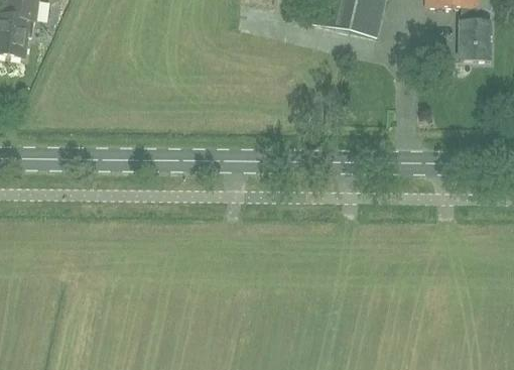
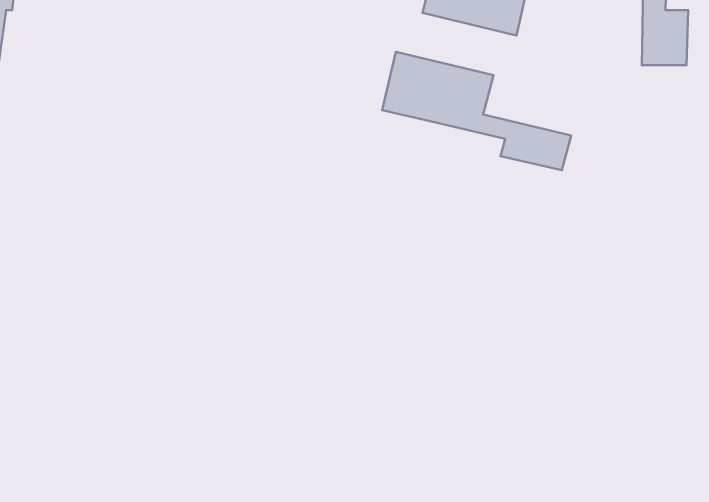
building: none -> [382,52,571,170]

